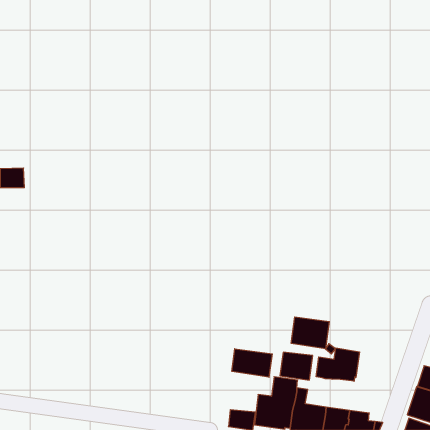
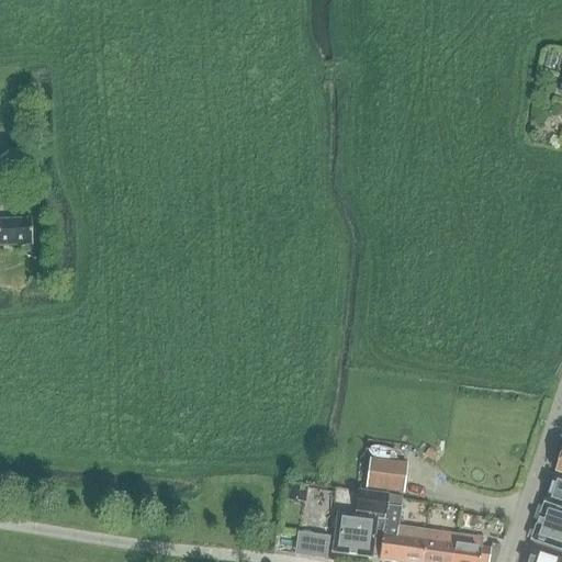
building: [291,317,329,349] -> none
building: [316,348,359,381] -> none
building: [232,349,272,377] -> none

